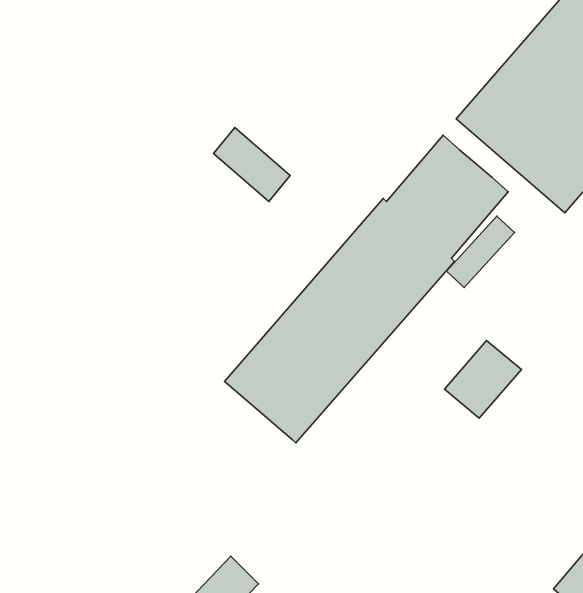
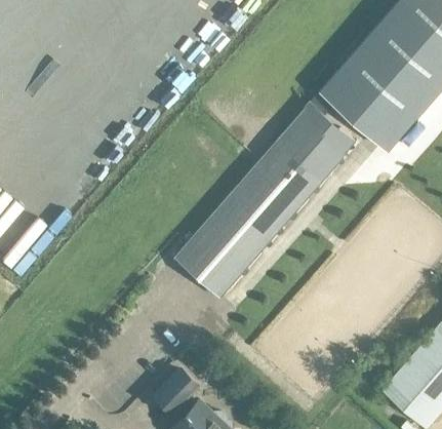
building: [213,128,290,202] -> none
building: [444,340,521,418] -> none

